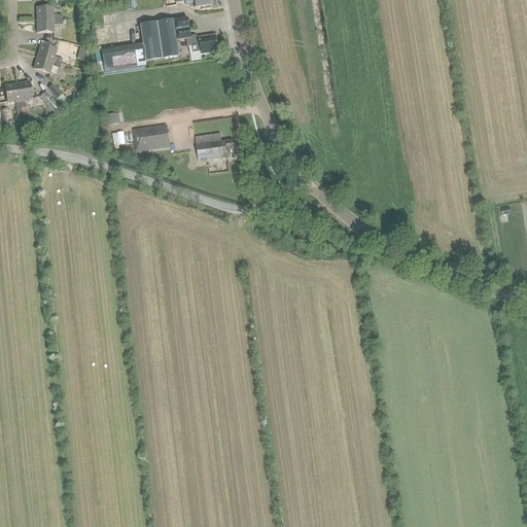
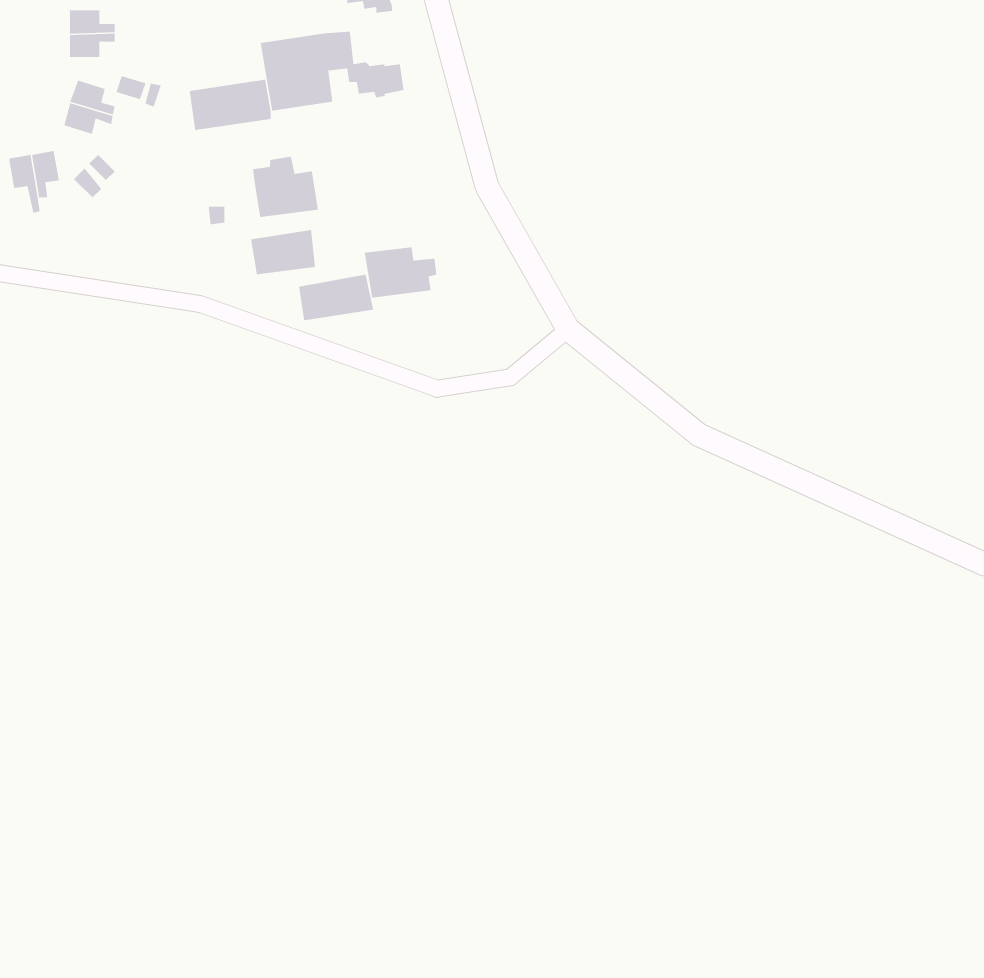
building: none -> [252,156,319,218]
building: none -> [298,274,374,321]

